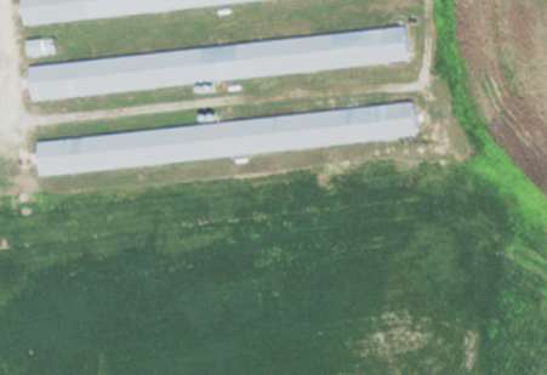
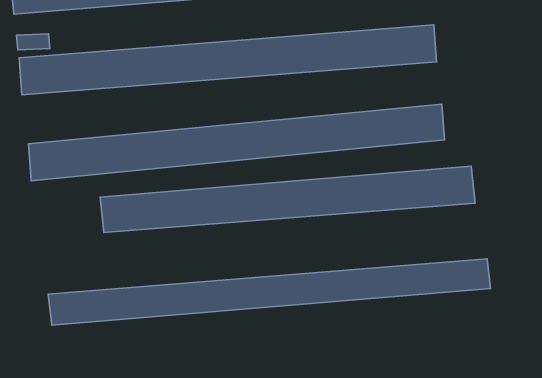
building: none -> [100,166,475,233]
building: none -> [48,259,491,325]

